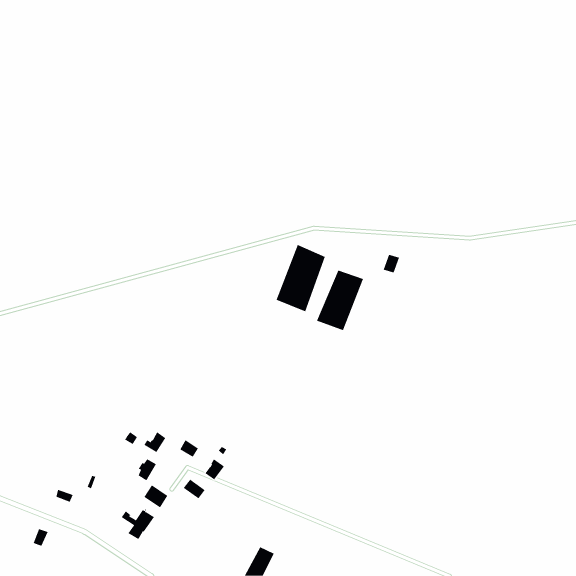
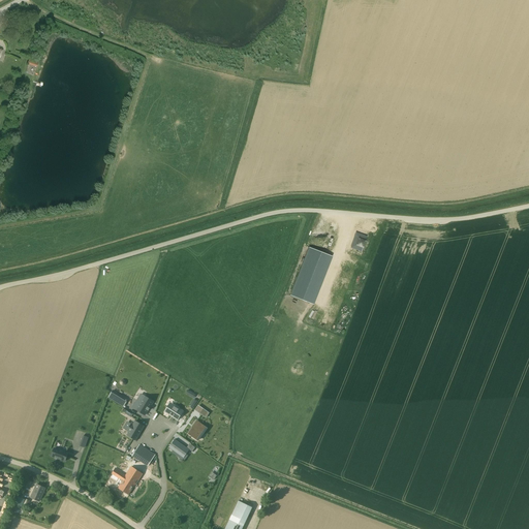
building: [276,244,326,312] -> none

